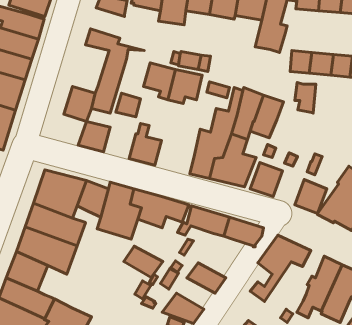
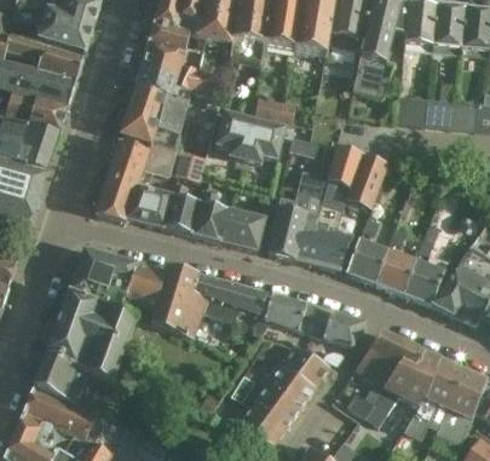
building: none -> [142,41,214,96]
building: none -> [121,88,166,142]
building: [295,82,316,113] -> none
building: none -> [97,177,137,221]
building: none -> [158,181,200,234]
building: none -> [224,211,264,249]
building: none -> [375,249,415,293]
building: [124,246,163,278] -> [252,386,301,426]
building: none -> [279,346,330,386]
building: none -> [364,351,440,425]

